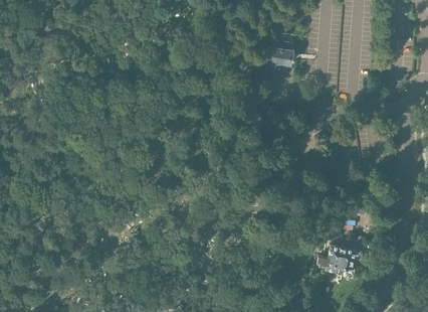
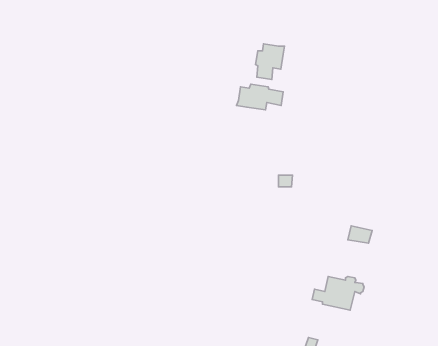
building: none -> [237,84,283,110]

